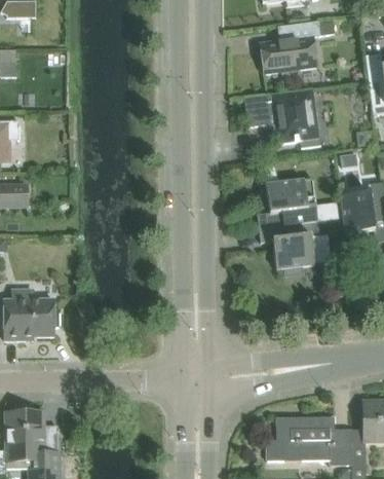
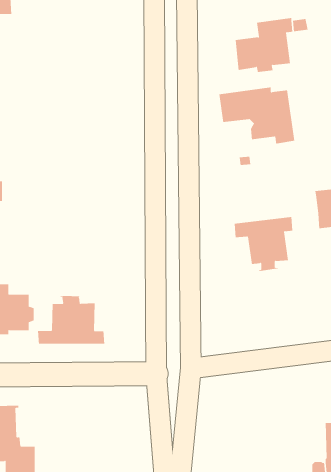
building: [258,178,318,227] -> none
building: none -> [38,295,105,344]
building: [268,416,352,464] -> none

